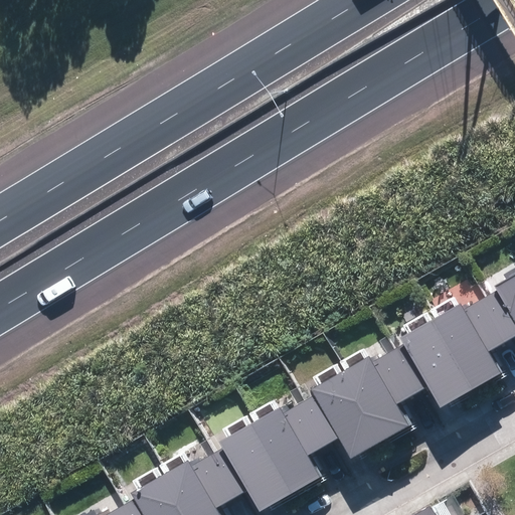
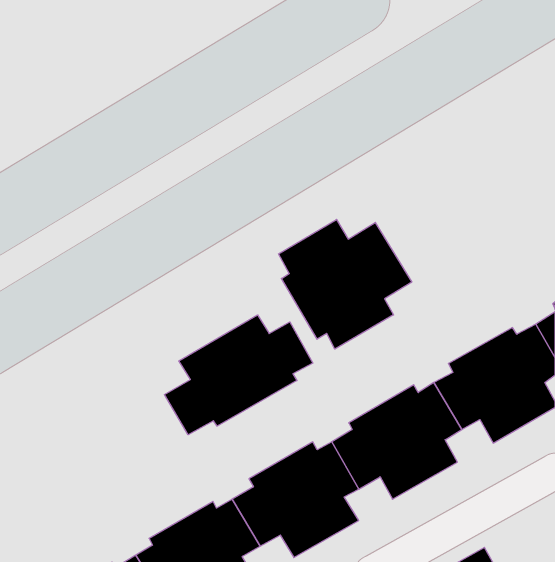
building: none -> [279,219,412,349]
building: none -> [164,315,313,435]

